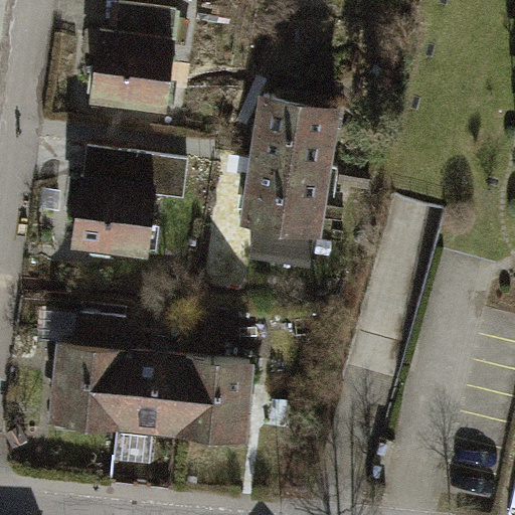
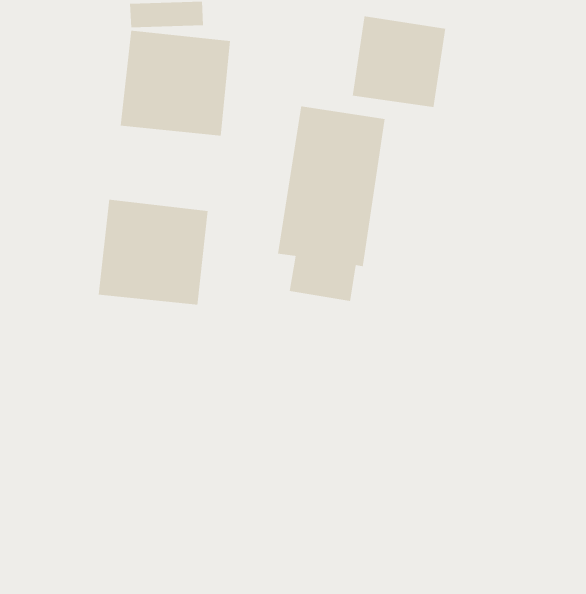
building: none -> [352,15,446,108]
building: [52,343,248,439] -> none

